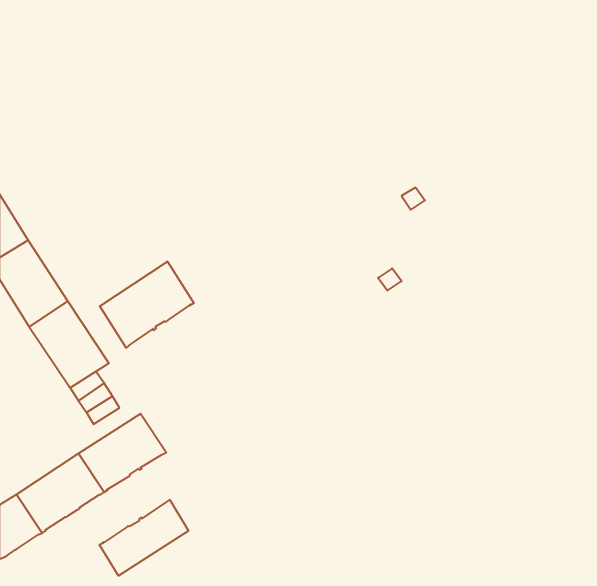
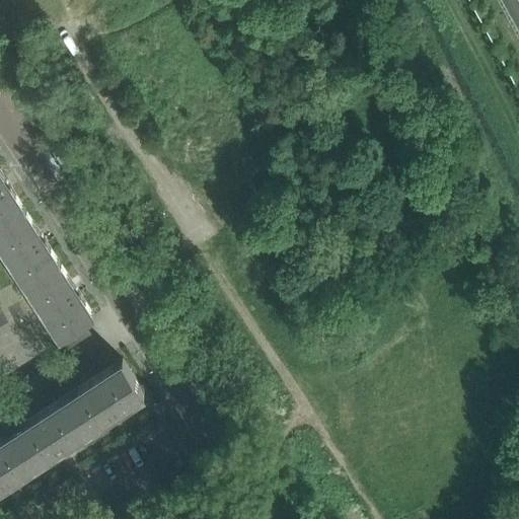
building: [100,261,194,348] -> none
building: [100,500,188,576] -> none

